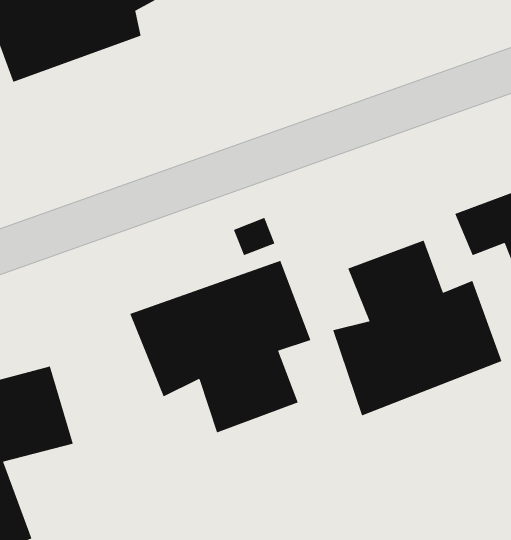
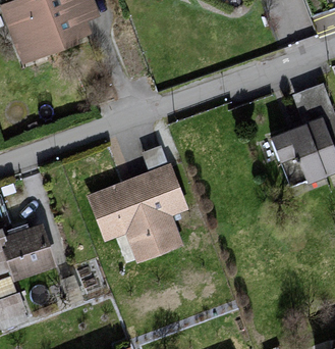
building: [332,239,502,416] -> none

